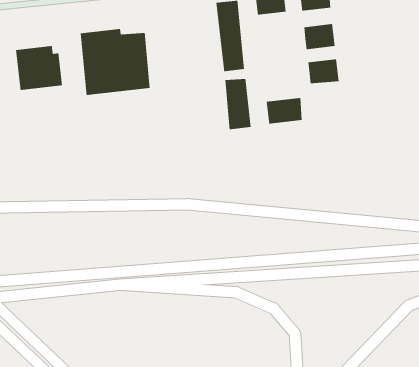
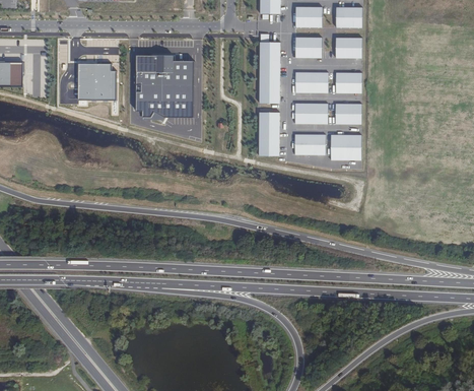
building: none -> [293,72,326,92]
building: none -> [293,103,327,123]
building: none -> [329,134,360,159]

